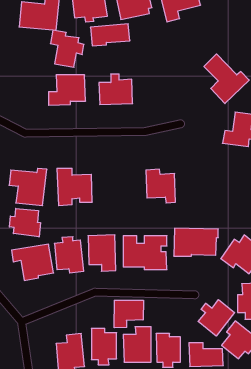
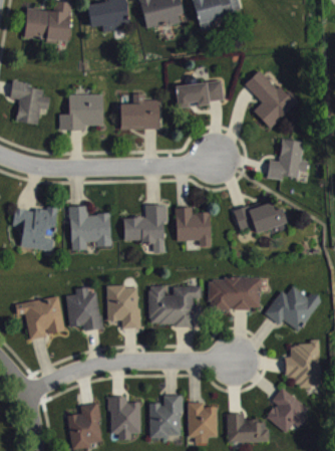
building: [90,24,130,46] -> [177,82,224,108]
building: [50,30,84,67] -> [10,81,50,126]
building: none -> [233,203,287,234]
building: none -> [123,206,164,254]
building: [9,208,40,237] -> none
building: [198,300,235,336] -> none
building: [114,300,143,328] -> none

